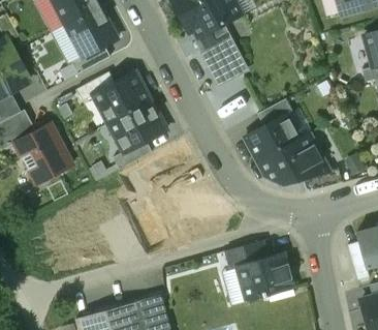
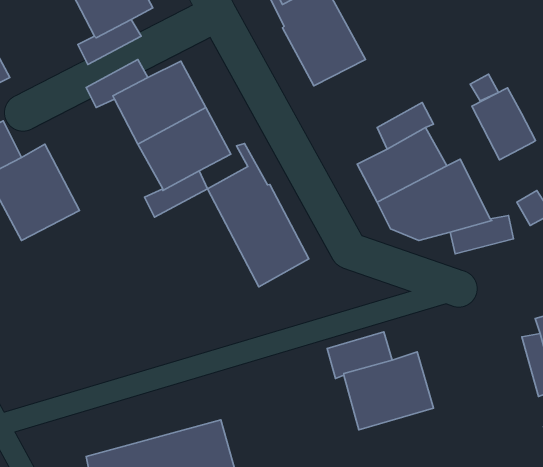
building: none -> [472,88,536,160]
building: none -> [208,144,309,287]

